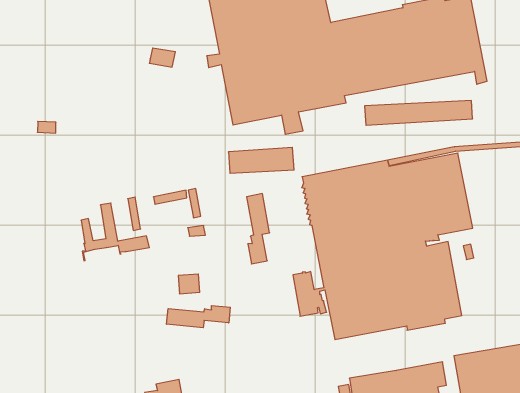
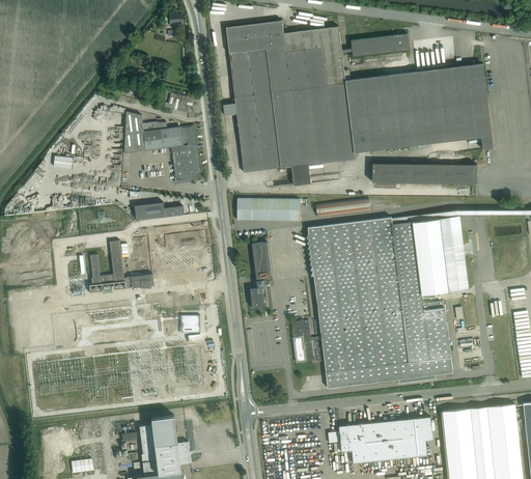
building: none -> [124,112,199,185]
building: none -> [135,202,184,221]
building: [167,306,230,328] -> none

